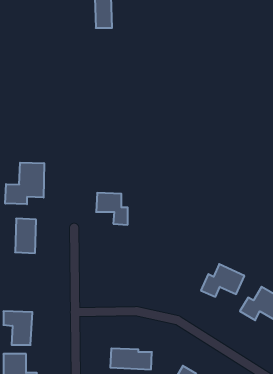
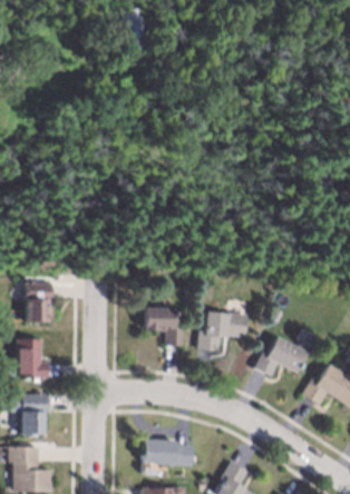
building: [5,163,44,204] -> none
building: [96,193,128,225] -> [144,307,183,346]
building: none -> [198,310,247,350]
building: none -> [17,338,48,378]

